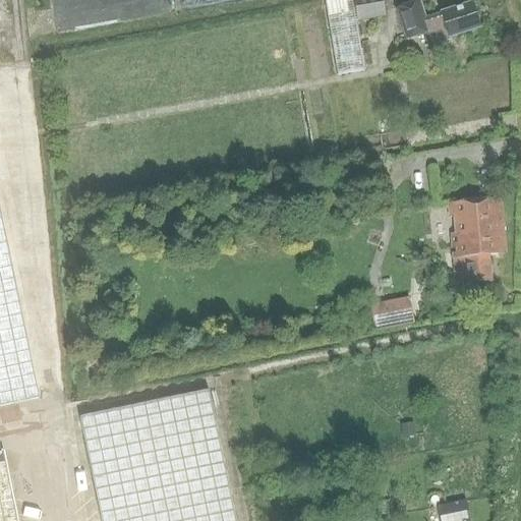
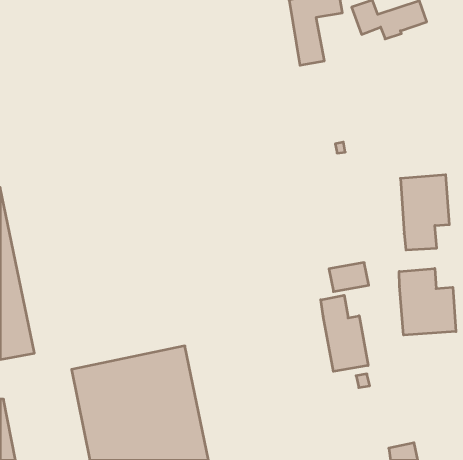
building: none -> [399,268,456,335]
building: none -> [321,295,368,371]

